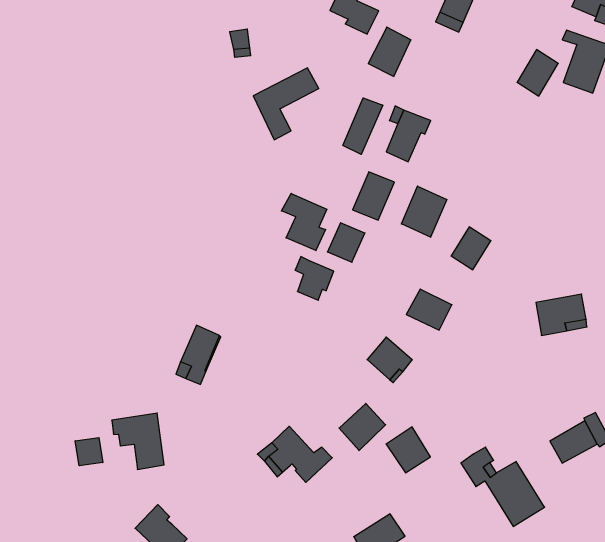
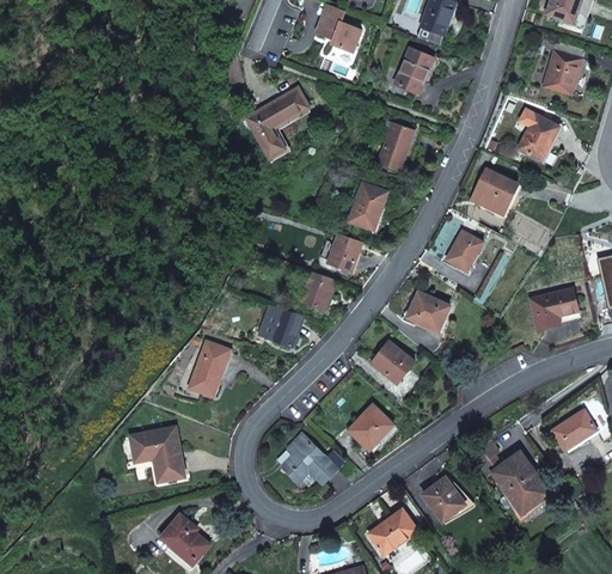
building: [368,27,411,76] -> [394,48,434,94]
building: [517,50,558,96] -> [519,116,557,160]
building: [343,98,383,154] -> none
building: none -> [471,169,519,215]
building: [401,186,447,237] -> none
building: [281,193,327,251] -> none
building: none -> [263,306,302,347]
building: [386,427,430,473] -> [422,477,465,521]
building: [75,438,103,466] -> none

